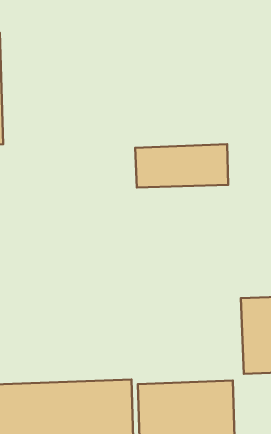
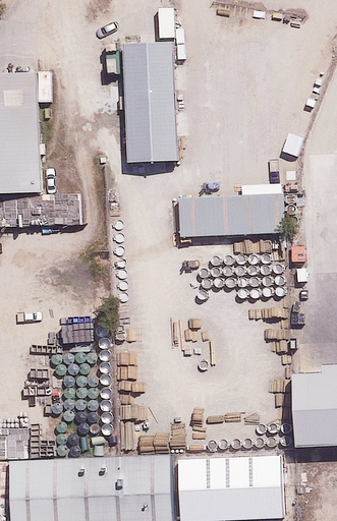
building: none -> [119,48,175,167]

